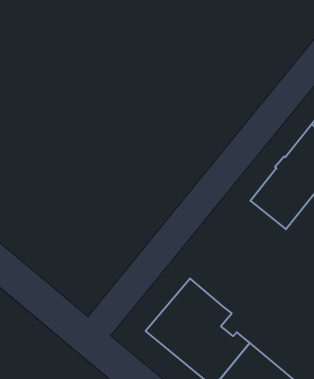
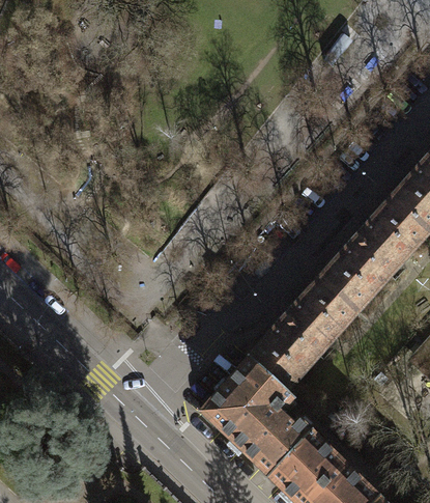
building: none -> [251,277,357,390]

